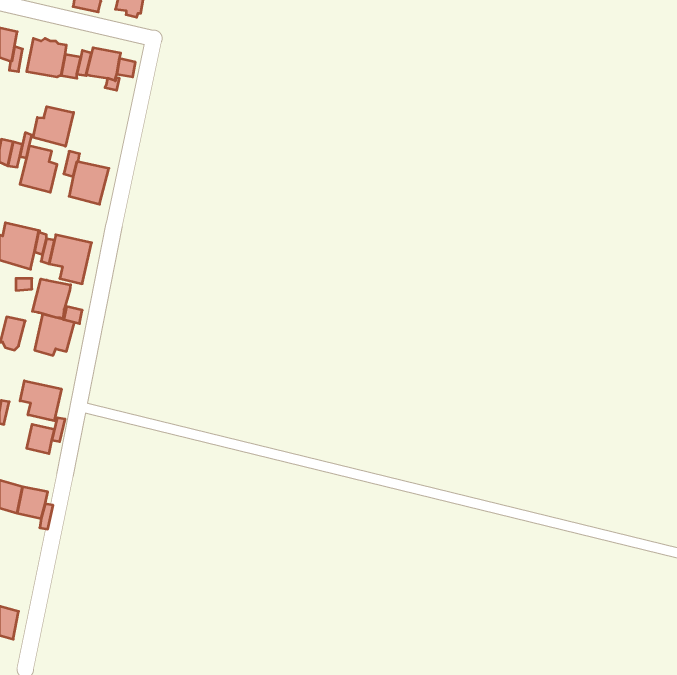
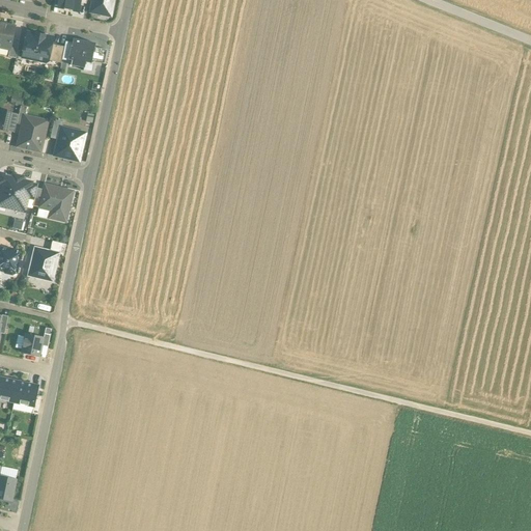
building: [33,107,74,146] -> none
building: [32,279,71,319] -> none
building: [20,381,61,421] -> none

